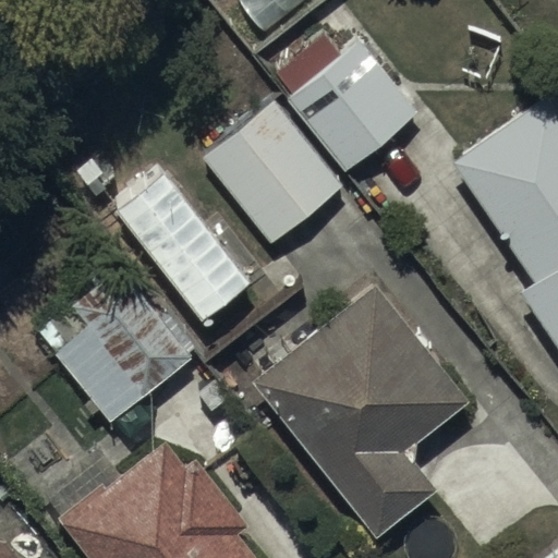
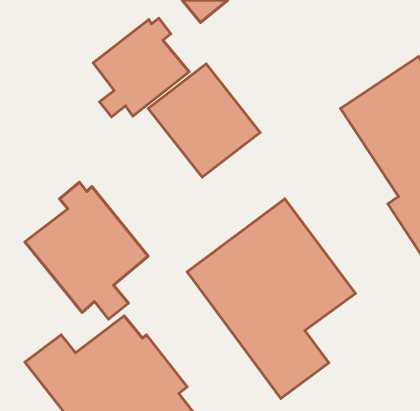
building: [277,38,421,177] -> none
building: none -> [93,18,189,117]
building: [112,168,252,322] -> none

